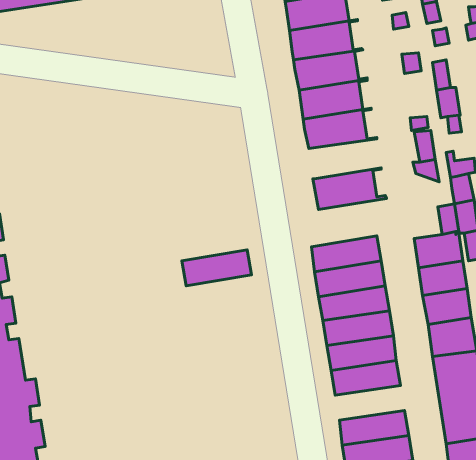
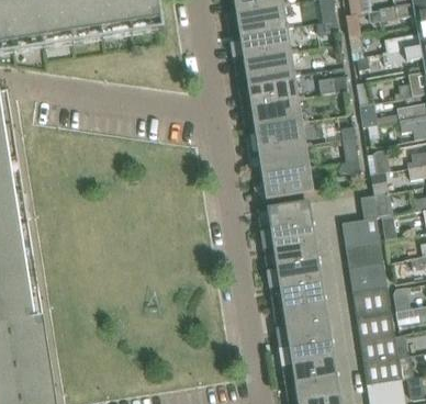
building: none -> [259,143,316,175]
building: [182,250,251,286] -> [258,200,313,228]
building: none -> [280,338,335,366]

